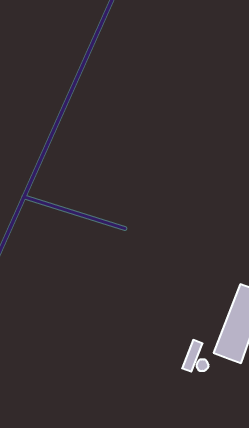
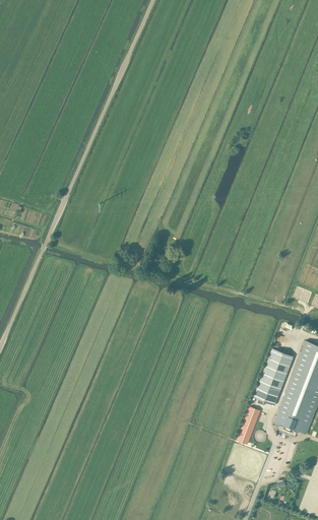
building: none -> [254,348,295,405]

